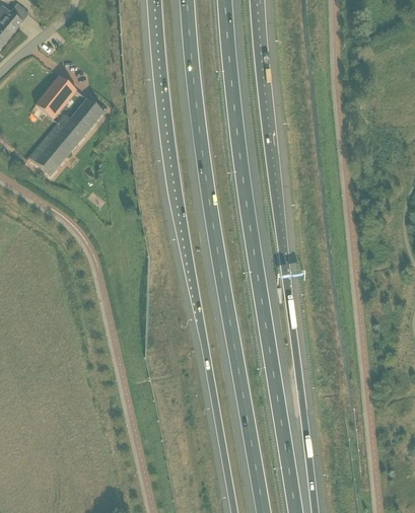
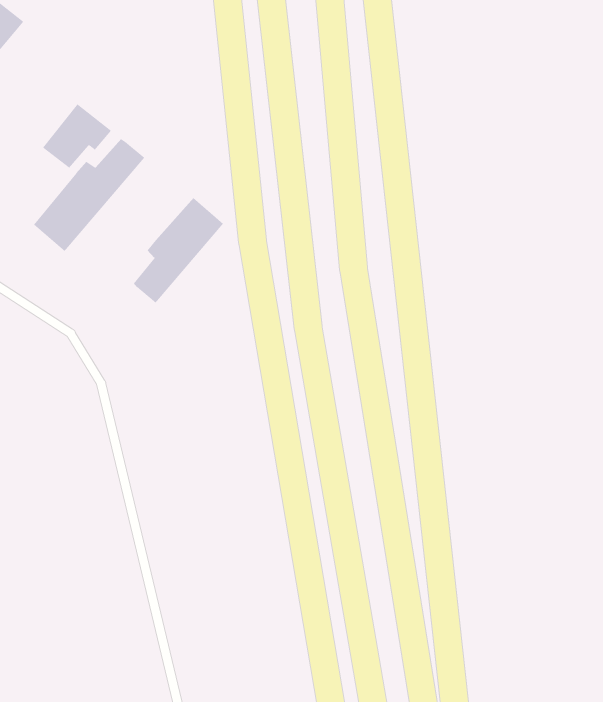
building: none -> [133,197,224,304]

